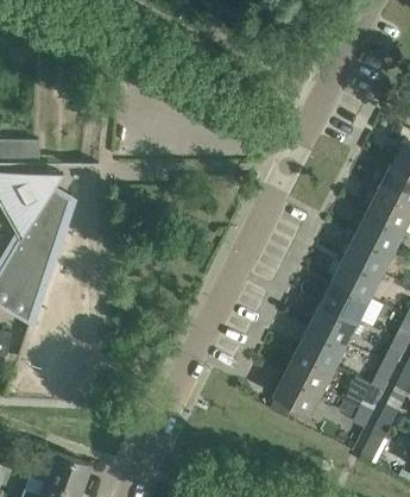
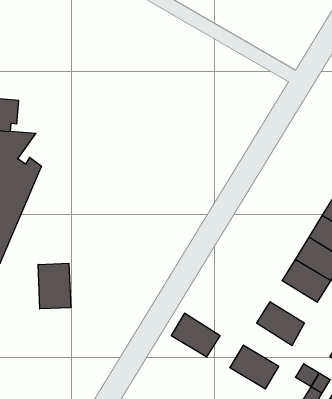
building: none -> [38,263,71,309]
building: [310,306,359,347] -> none
building: [286,351,336,394] -> [171,313,220,357]

